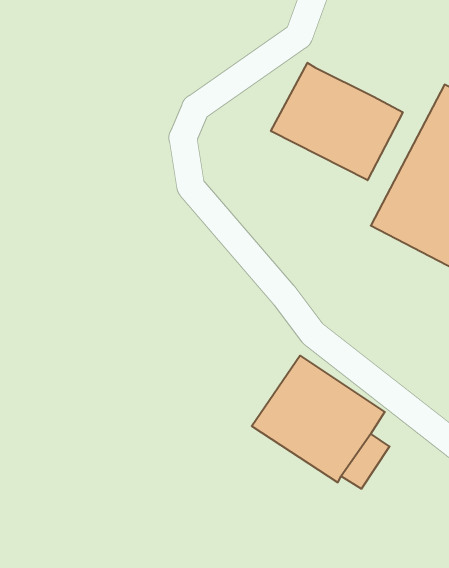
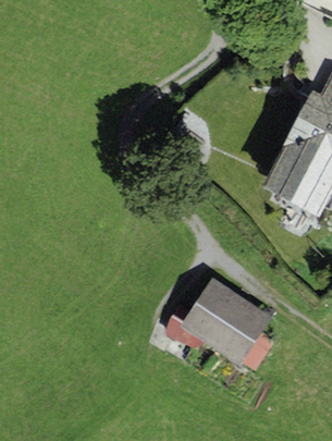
building: [271,63,403,180] -> none

